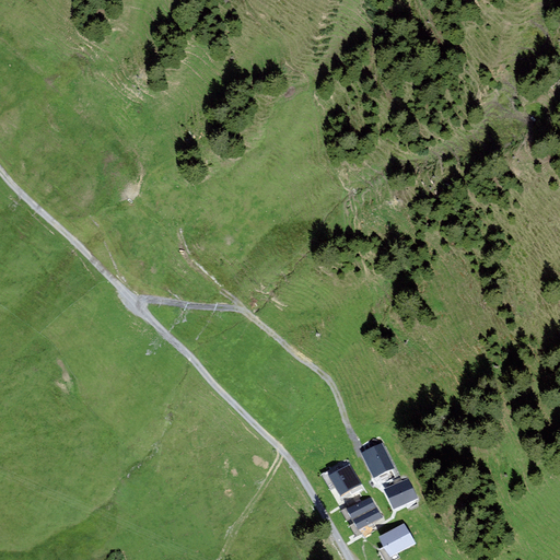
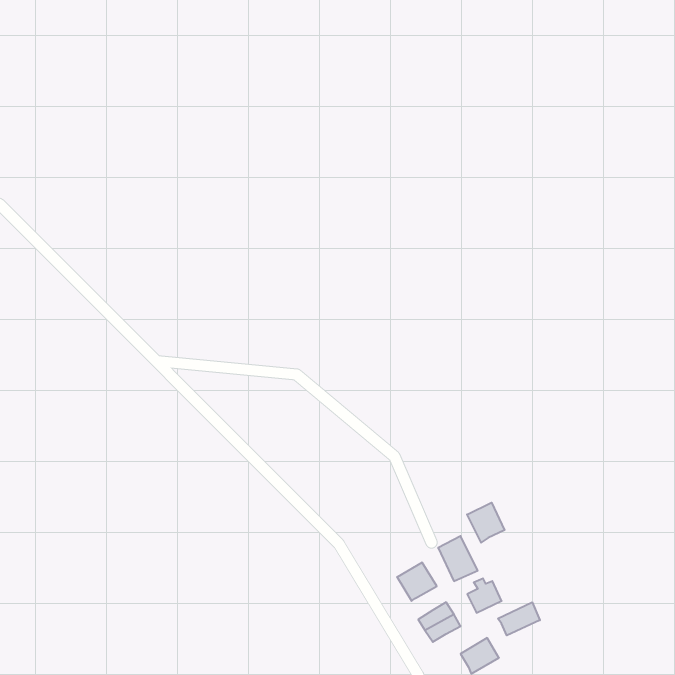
building: none -> [467,503,505,543]
building: none -> [498,602,540,635]

